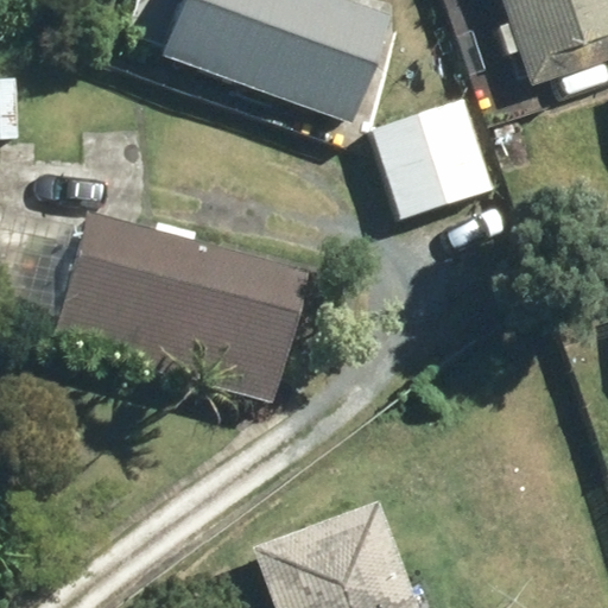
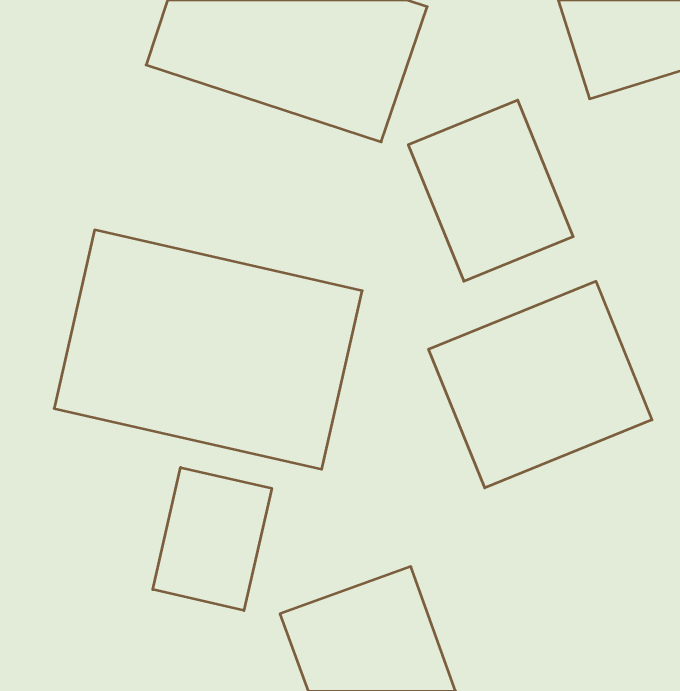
building: none -> [429,281,652,488]
building: none -> [153,467,272,611]

